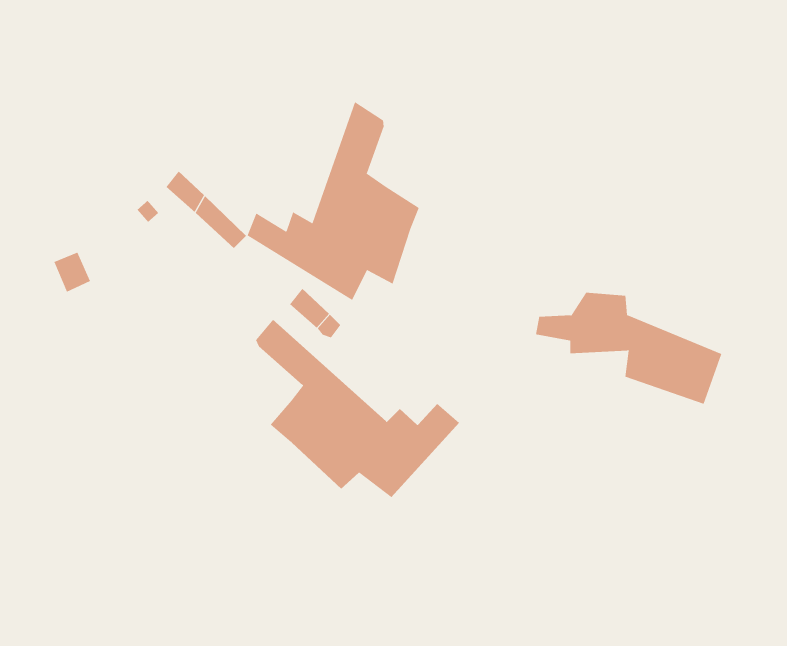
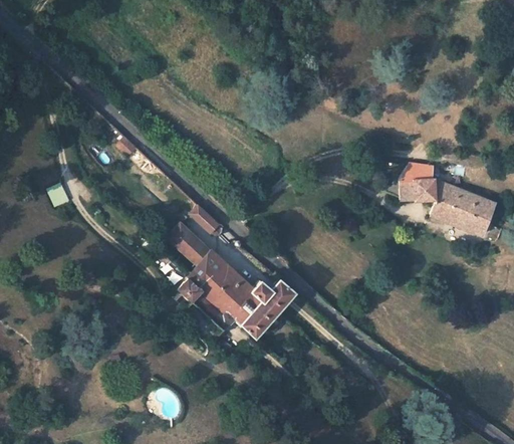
building: [247,101,420,301] -> none
building: [535,292,722,404] -> [378,166,494,235]

